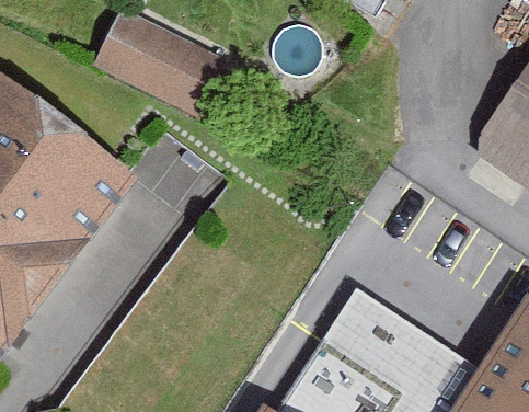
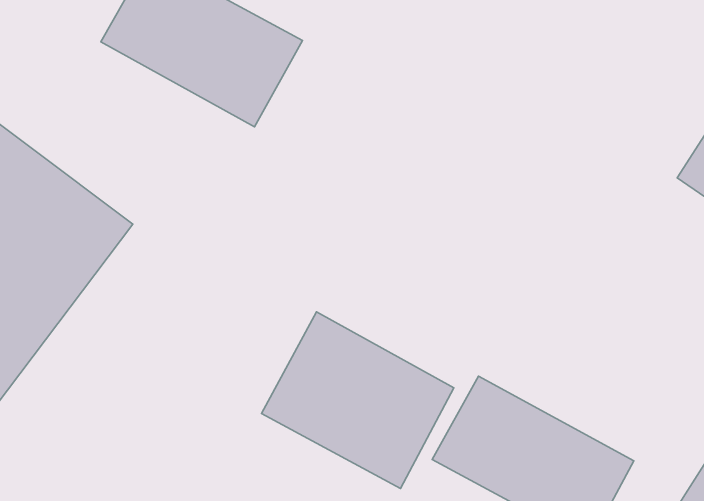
building: none -> [262,312,454,489]

